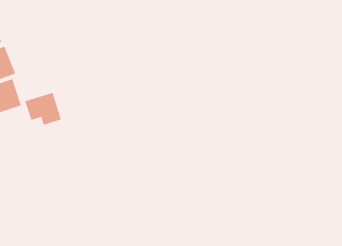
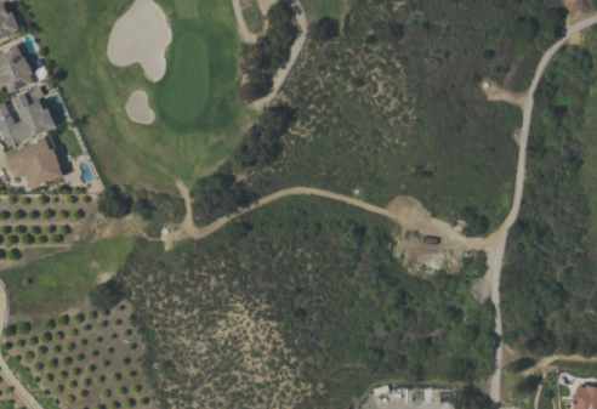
building: [24,92,62,126] -> none

